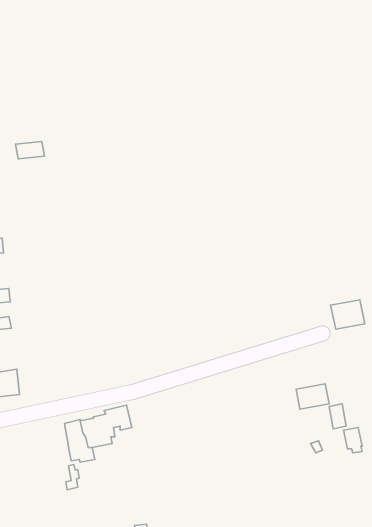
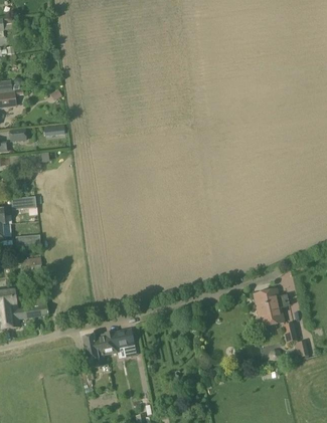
building: [331,300,365,329] -> [255,288,281,310]

